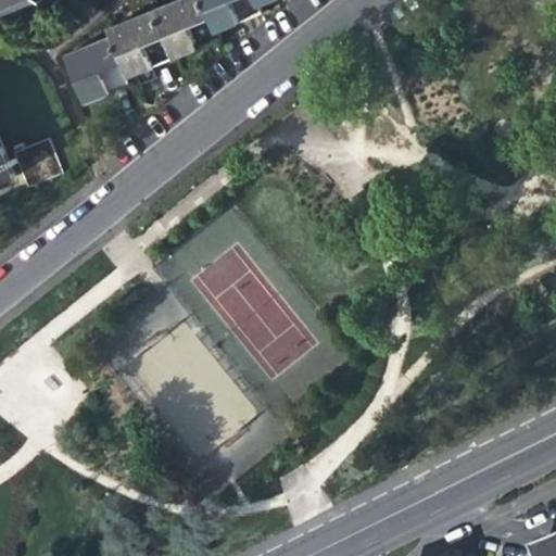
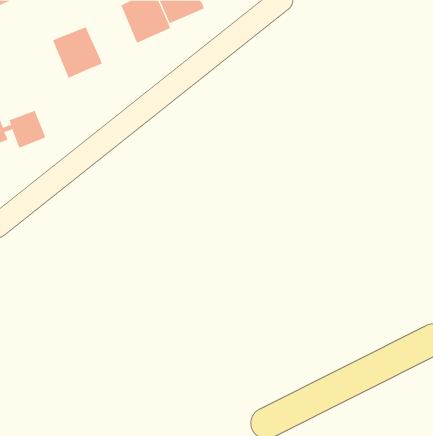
building: [106,7,174,75] -> none

